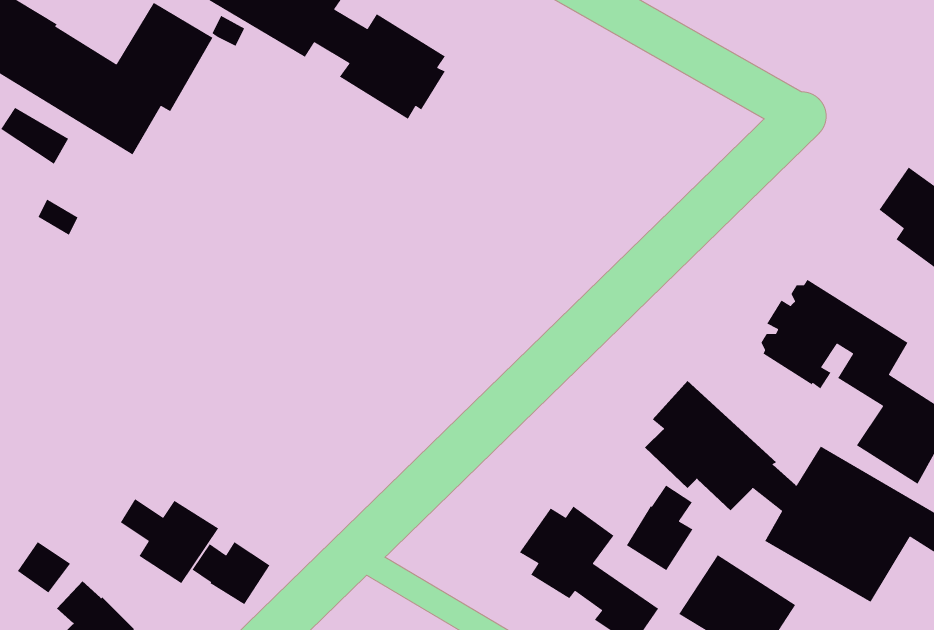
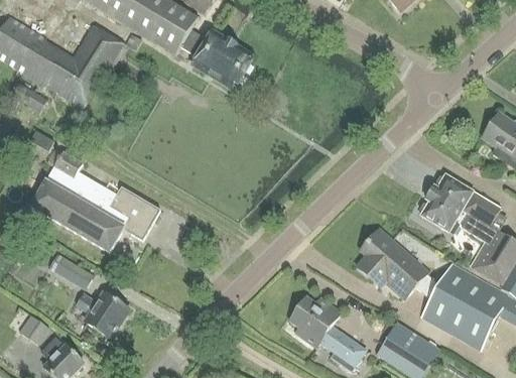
building: none -> [30,151,159,252]
building: none -> [47,251,94,289]
building: [626,485,693,571] -> none
building: [192,541,270,605] -> none

